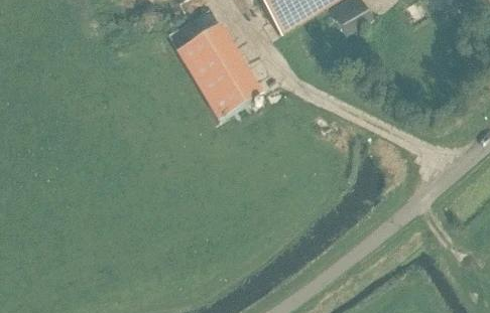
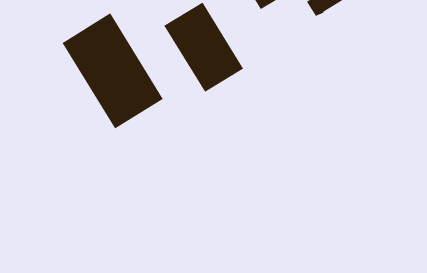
building: none -> [61,12,164,130]

